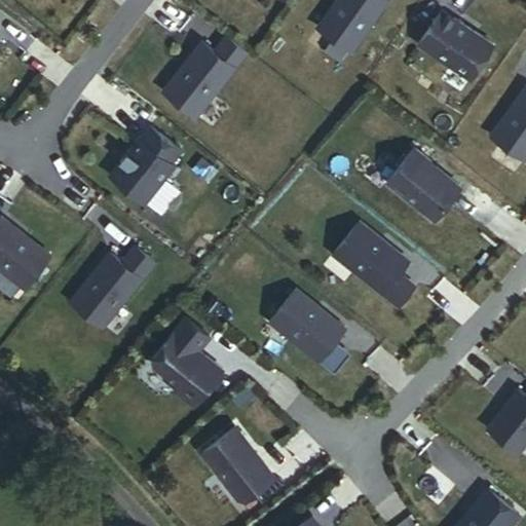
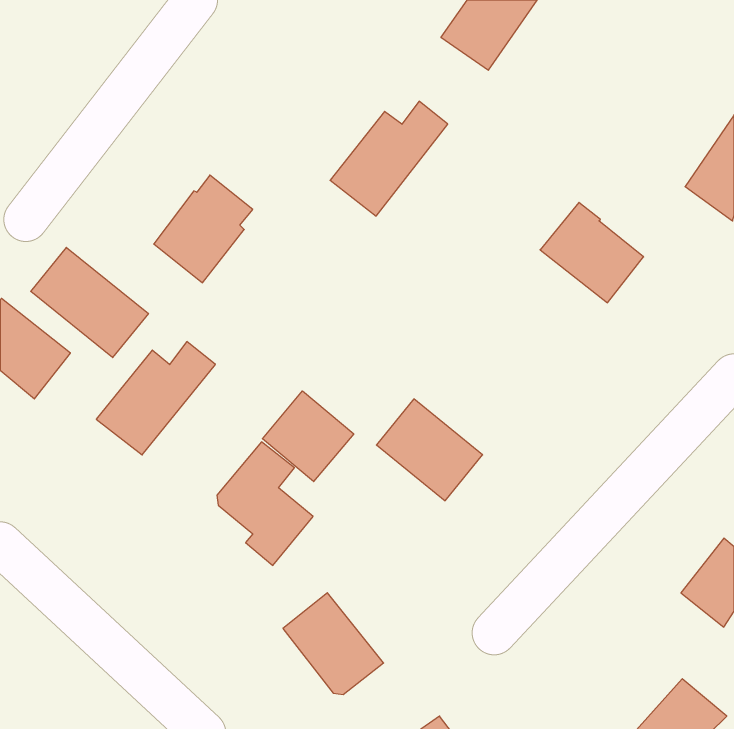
building: [416,11,492,81] -> none
building: [163,35,248,117] -> [330,101,448,216]
building: none -> [31,247,148,358]
building: [333,221,415,306] -> none
building: none -> [262,391,354,482]

